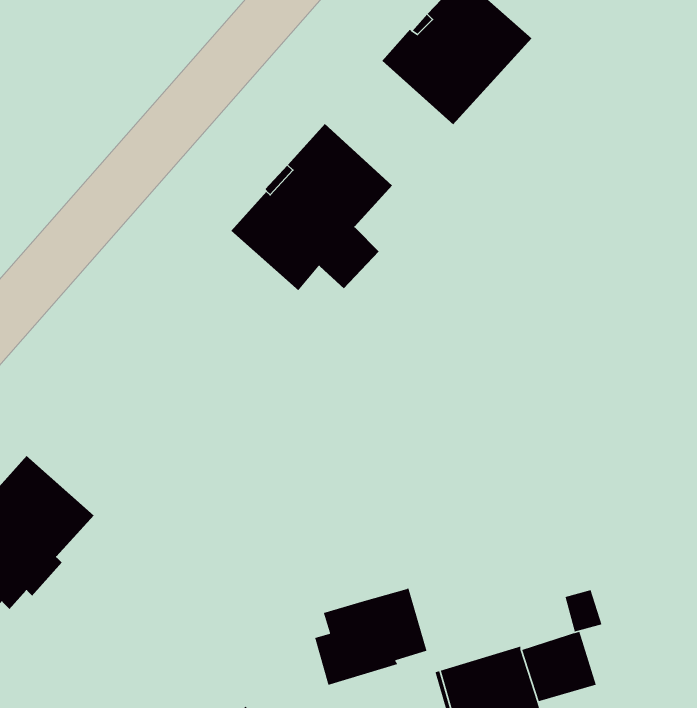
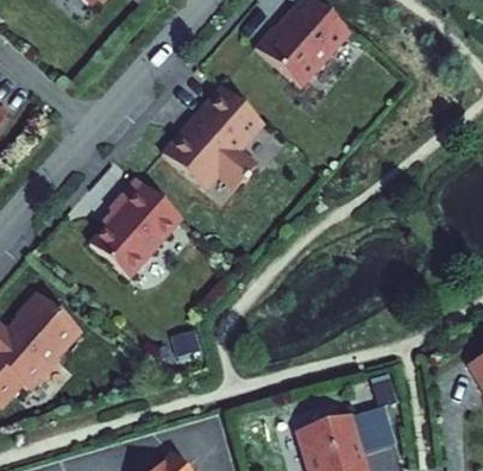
building: none -> [89,177,182,278]
building: [314,587,428,686] -> none

